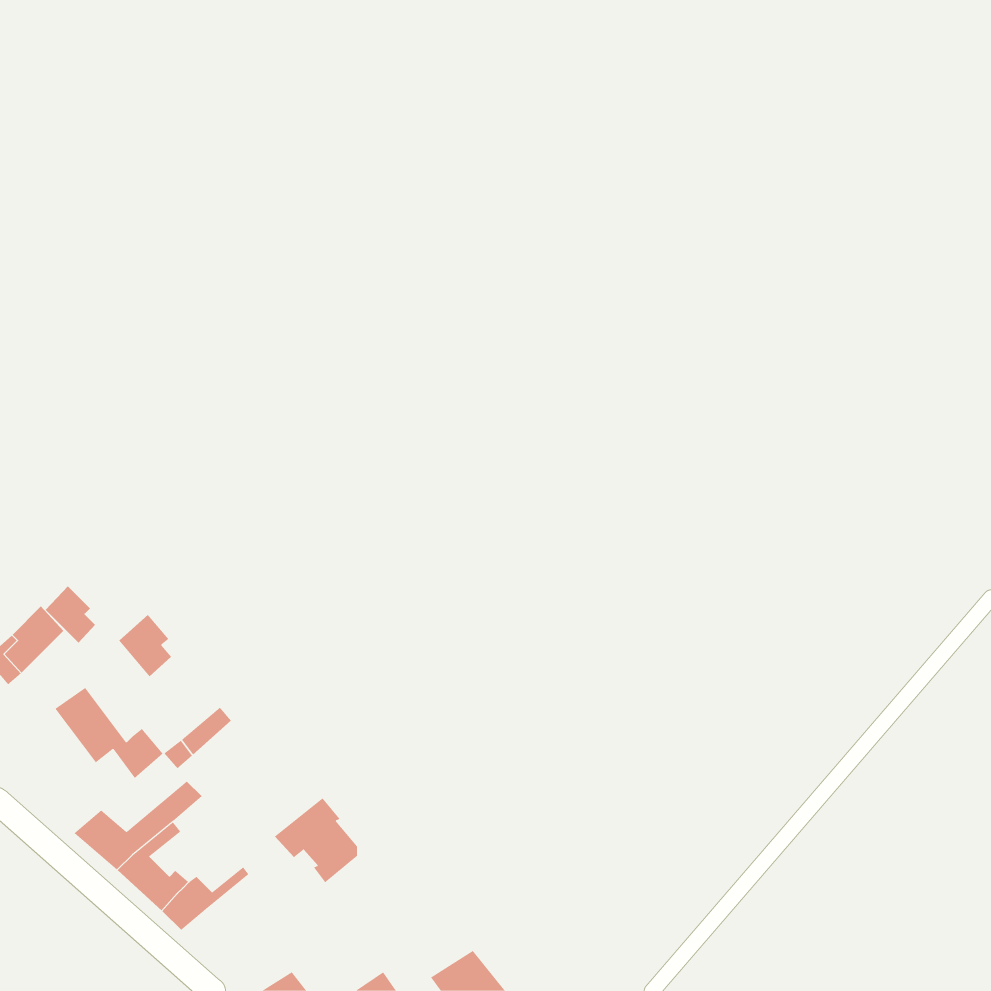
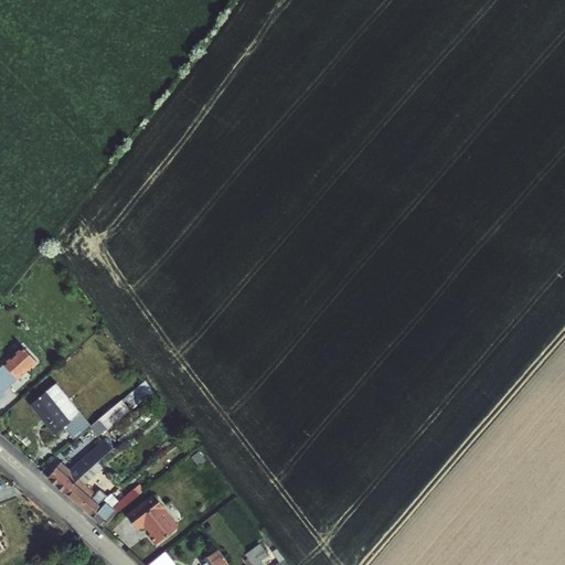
building: [45,585,96,644] -> none
building: [119,614,172,677] -> none
building: [274,797,358,883] -> [126,497,173,545]

